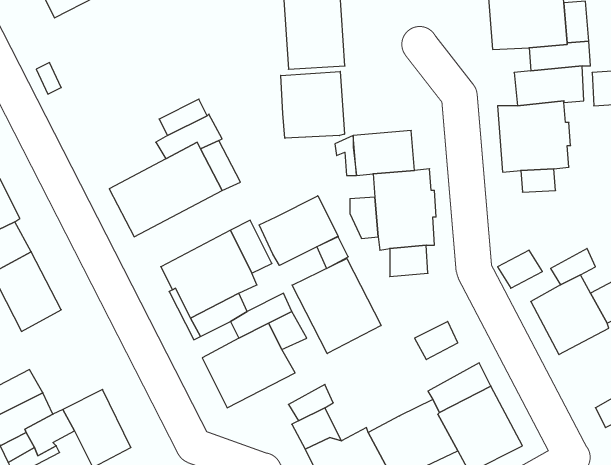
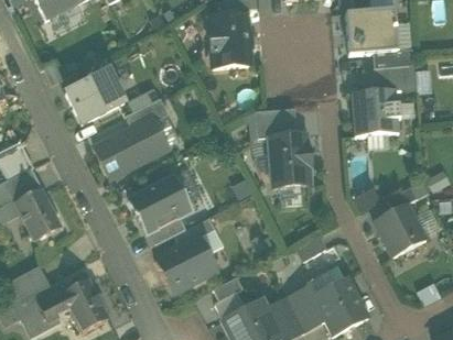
building: [281,71,344,138] -> none
building: none -> [66,69,125,122]
building: [259,196,338,265] -> none
building: [292,259,381,354] -> none

